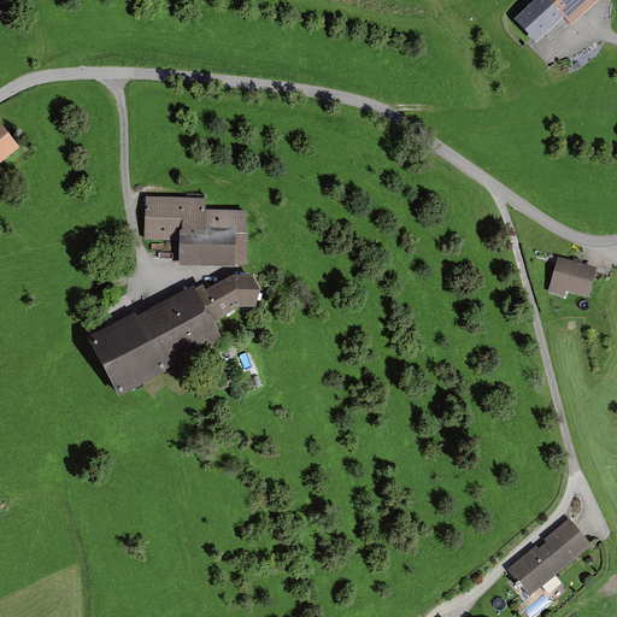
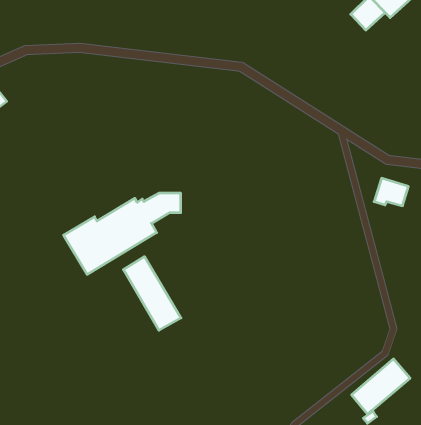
building: [142,193,247,260] -> none
building: none -> [123,257,181,330]

